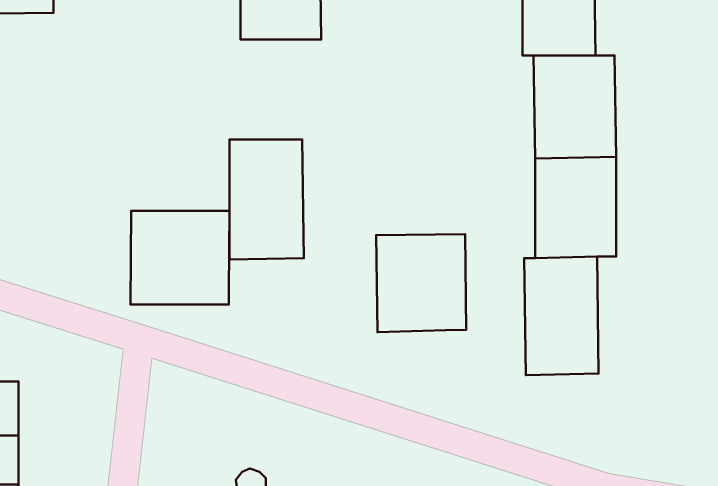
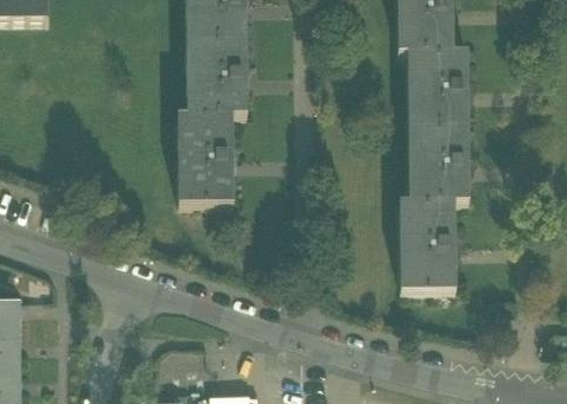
building: none -> [186,44,247,118]
building: [131,211,229,305] -> none
building: [376,234,466,332] -> none

